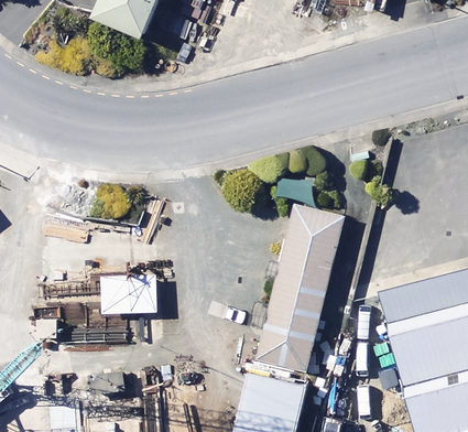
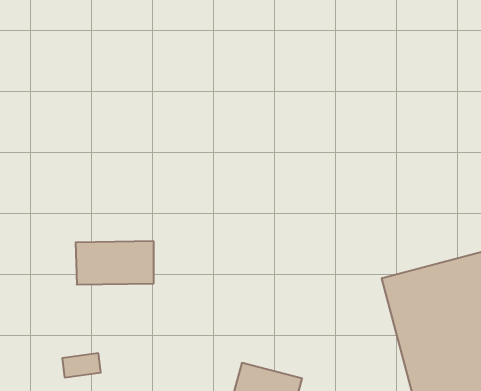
building: [255,208,346,371] -> none

